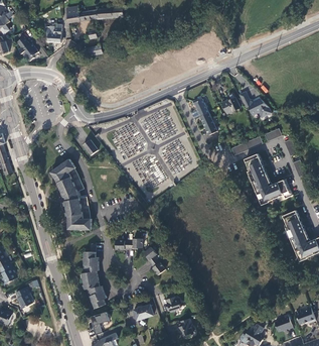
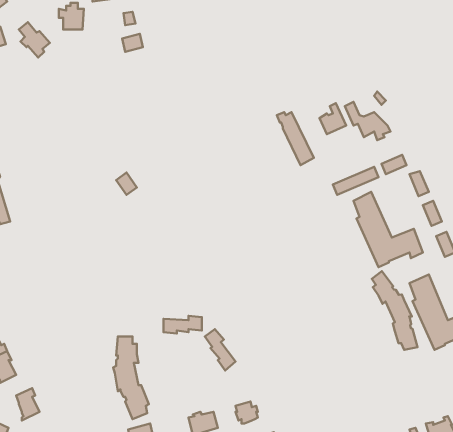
building: [51,159,92,230] -> none
building: none -> [372,271,417,350]

